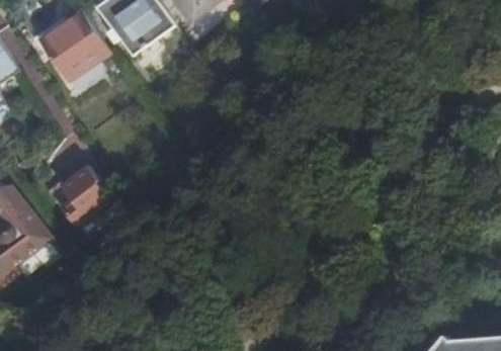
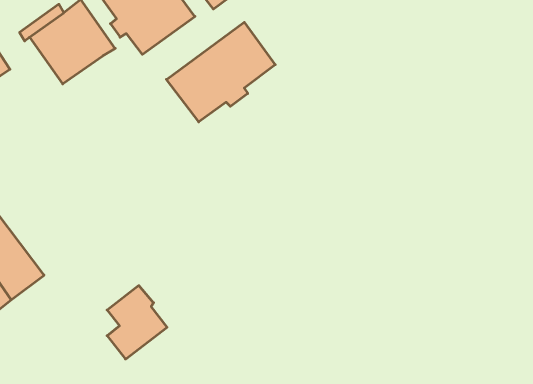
building: none -> [166,22,275,122]
building: [60,166,109,227] -> [107,286,167,359]

